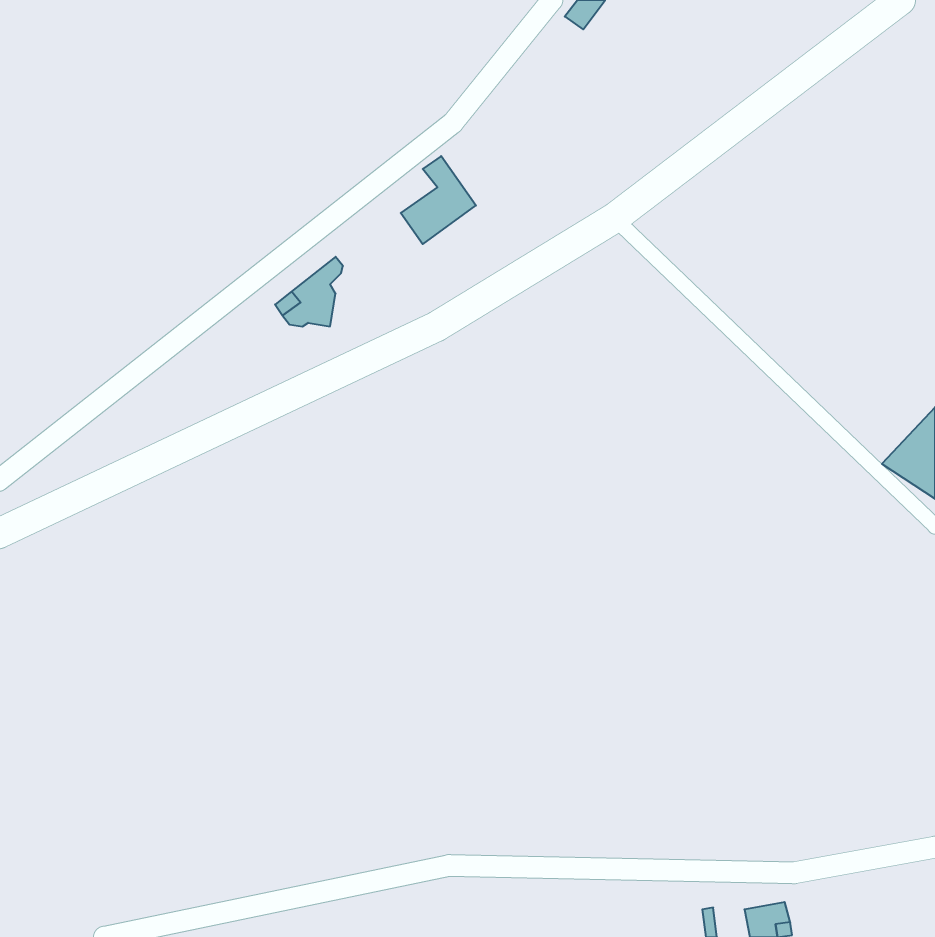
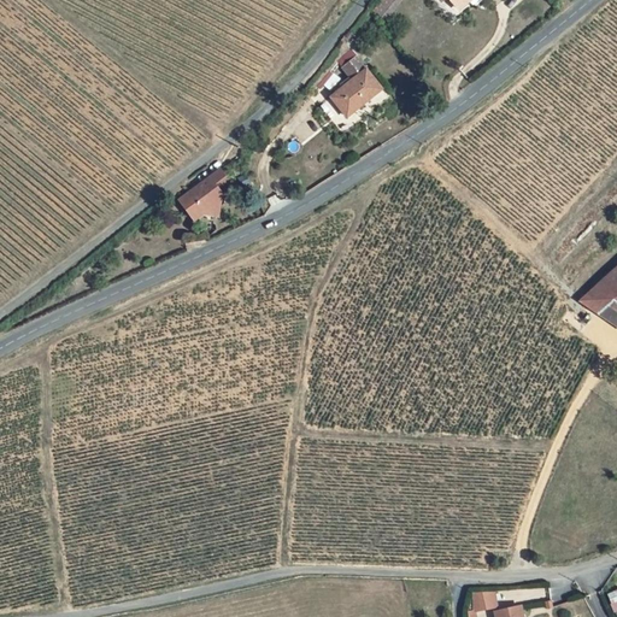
building: [401,156,476,244] -> [330,58,380,116]

